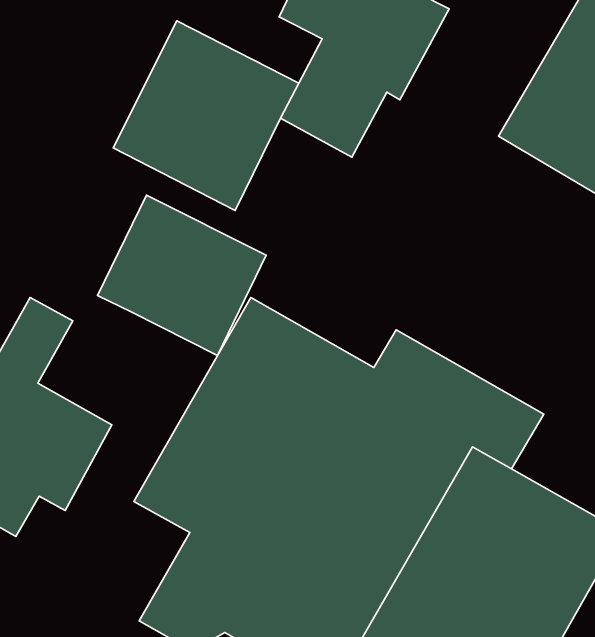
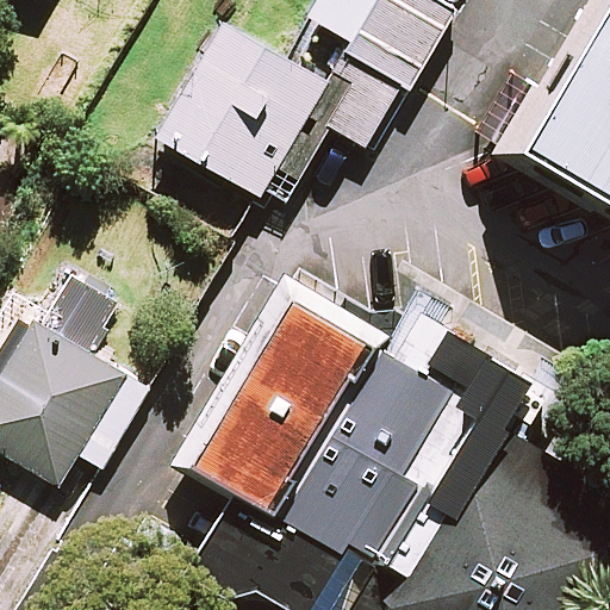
building: [98,195,266,356] -> none

